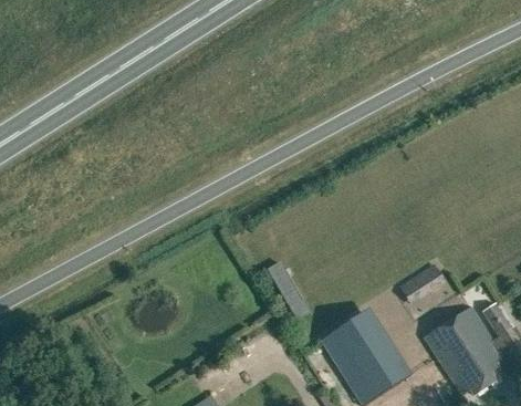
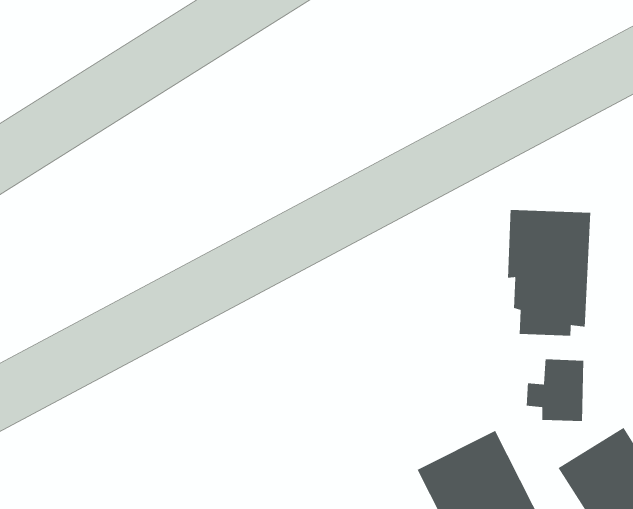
building: none -> [507,209,591,337]

